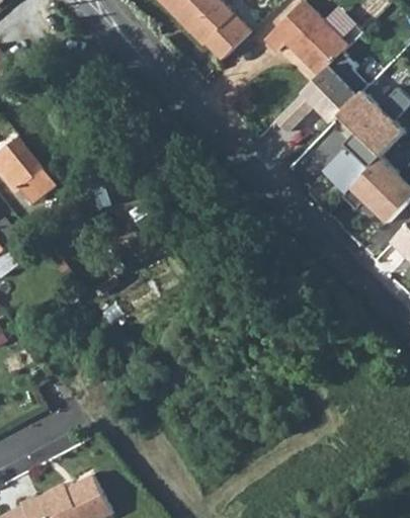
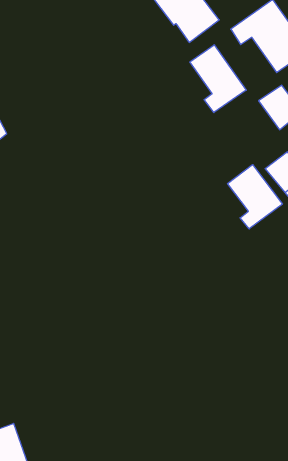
building: none -> [190,45,246,113]
building: none -> [228,165,282,229]

